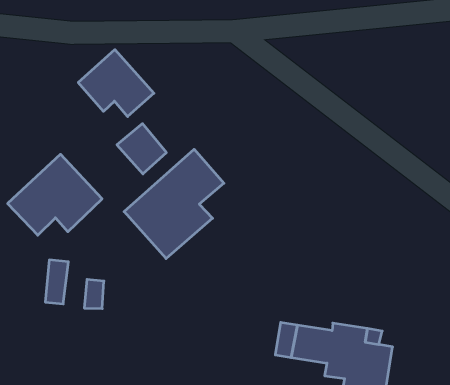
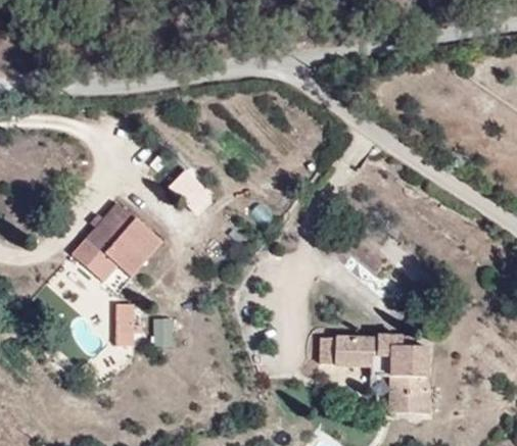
building: [78,50,154,117] -> none
building: [124,149,224,259] -> none

